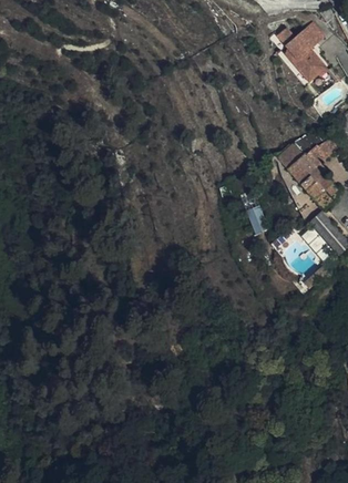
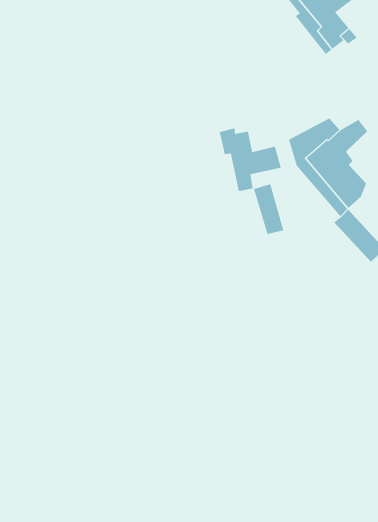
building: none -> [219,128,282,192]

